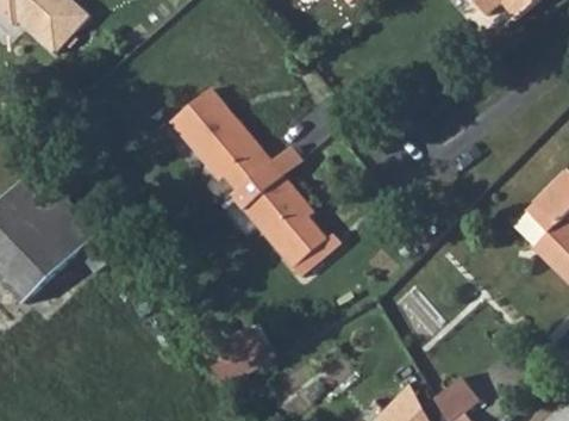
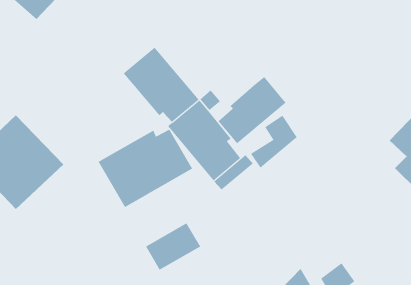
building: none -> [218,76,286,144]
building: none -> [250,115,298,169]
building: none -> [98,129,193,208]

